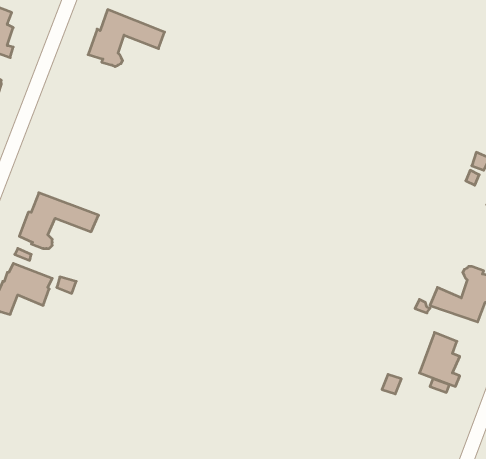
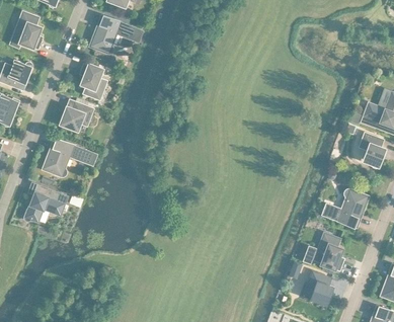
building: none -> [81,62,105,99]
building: none -> [61,101,92,129]
building: none -> [307,271,332,306]

